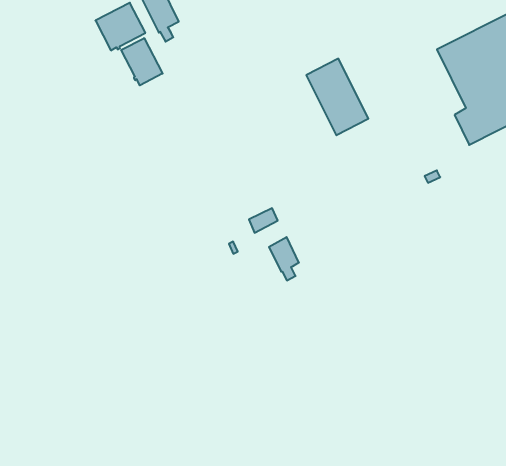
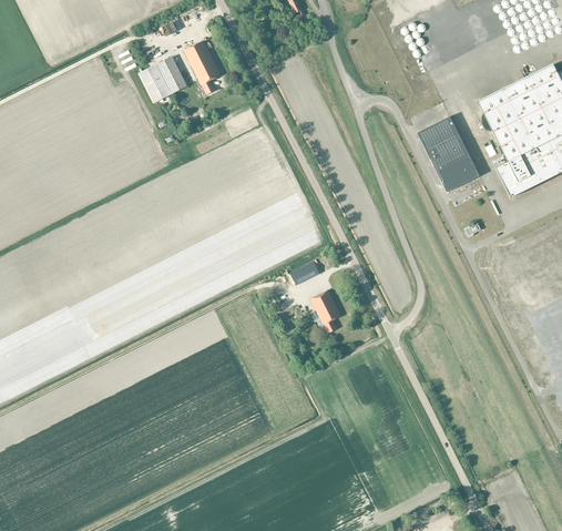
building: [121,38,163,85] -> none
building: [306,59,368,135] -> [417,115,479,192]

